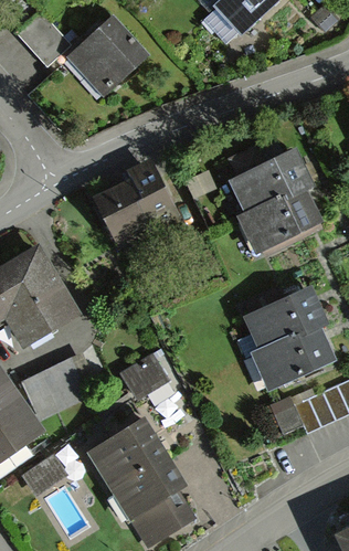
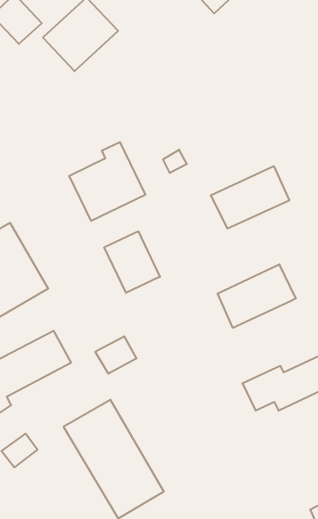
building: [228,149,307,215] -> none
building: none -> [104,231,160,293]
building: [256,324,336,386] -> none

